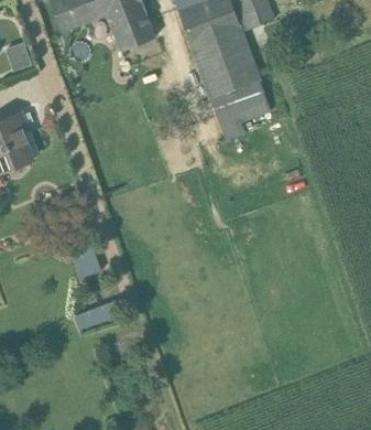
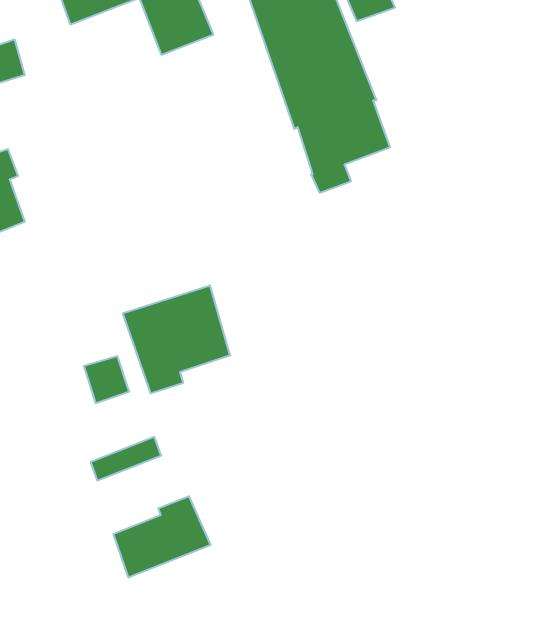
building: none -> [123,285,230,393]
building: none -> [113,496,211,578]

